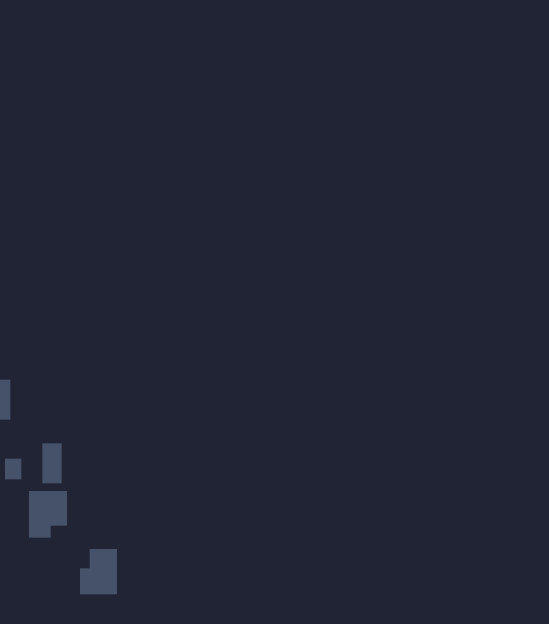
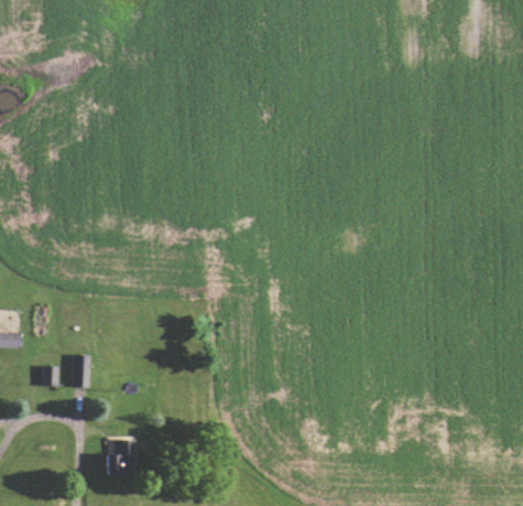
building: [28,490,68,539] -> none

